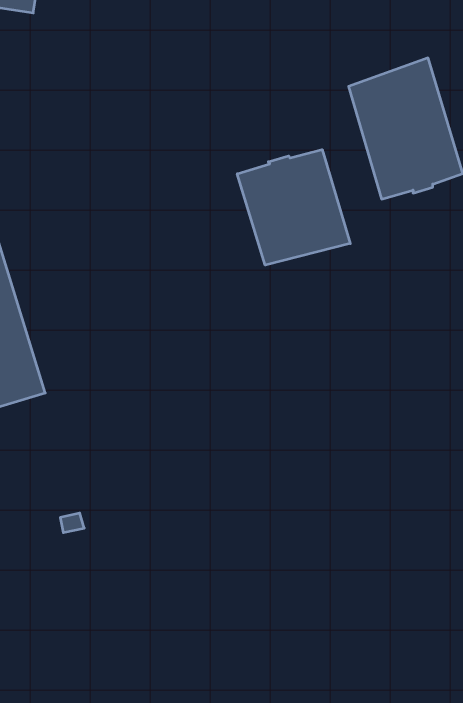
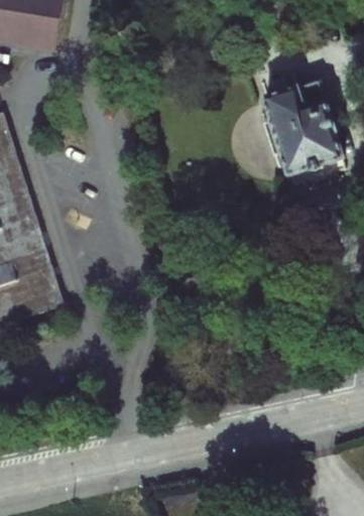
building: [237,150,350,265] -> none

